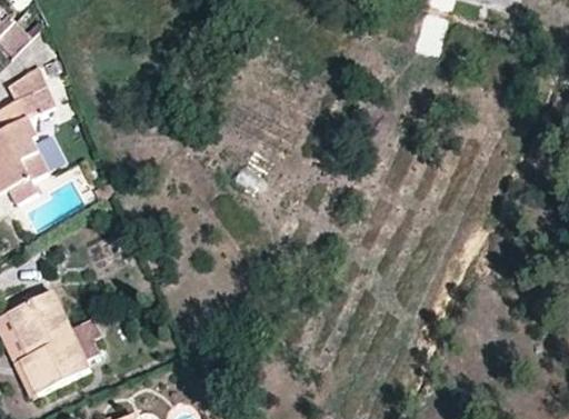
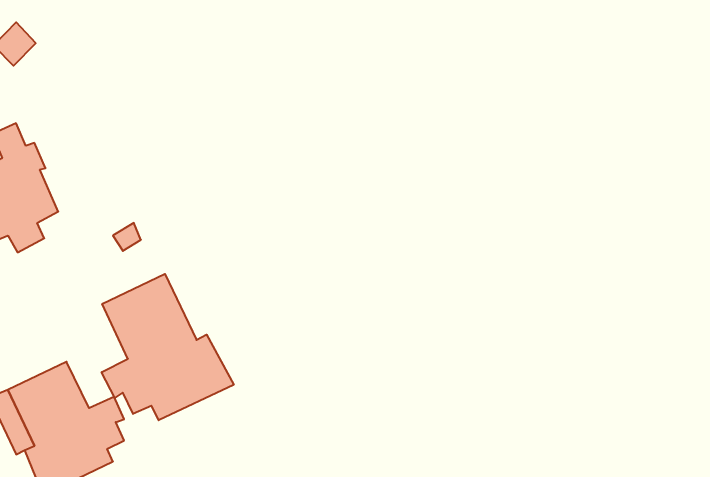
building: [8,64,53,119] -> none
building: none -> [102,274,234,420]

